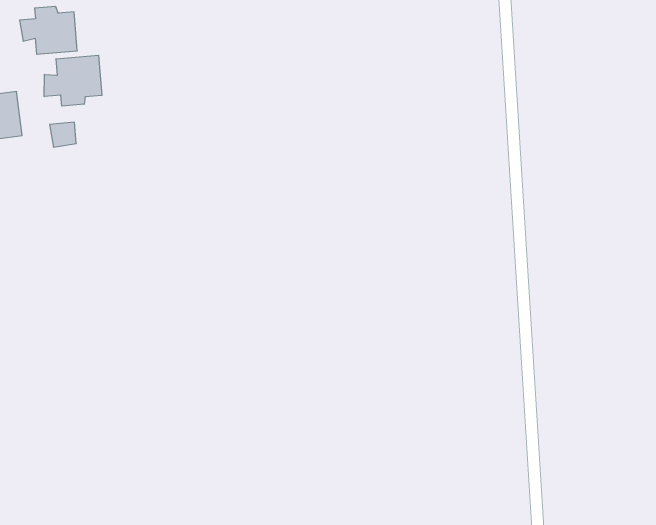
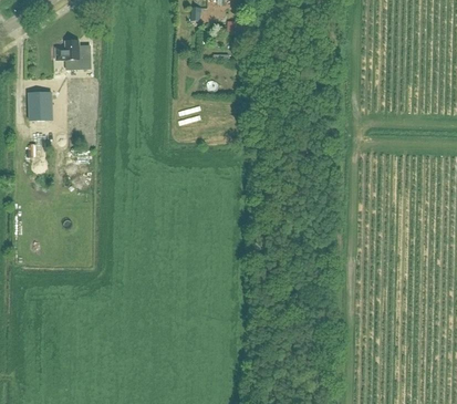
building: [44,55,102,106] -> none

